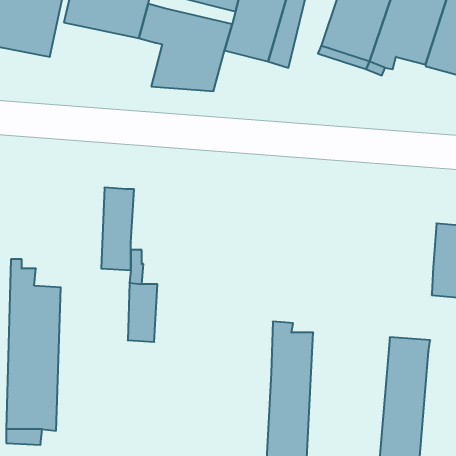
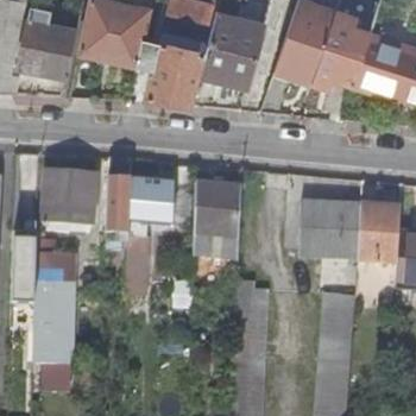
building: none -> [42,169,97,226]
building: none -> [128,177,175,223]
building: none -> [194,178,241,258]
building: none -> [298,200,360,259]

